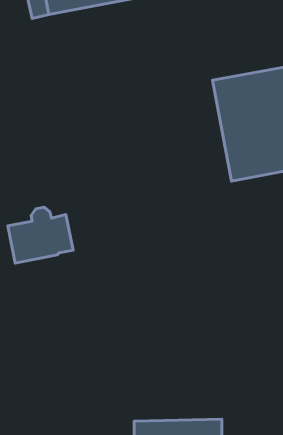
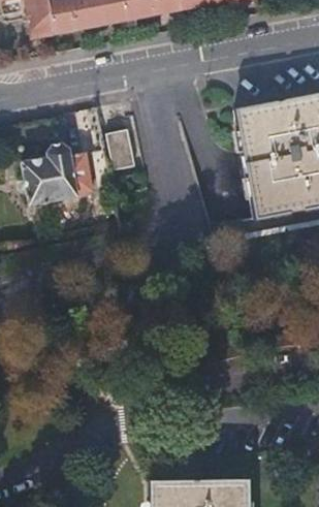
building: none -> [107,130,137,171]
building: [8,207,73,263] -> [24,145,96,207]

